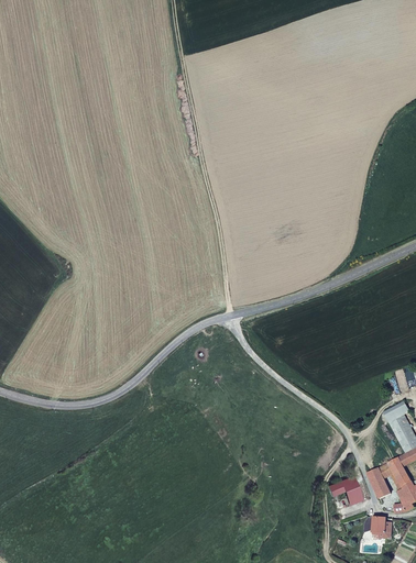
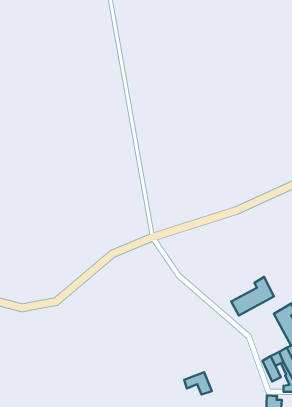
building: none -> [231,277,274,315]
building: [327,476,362,505] -> [184,372,212,395]

